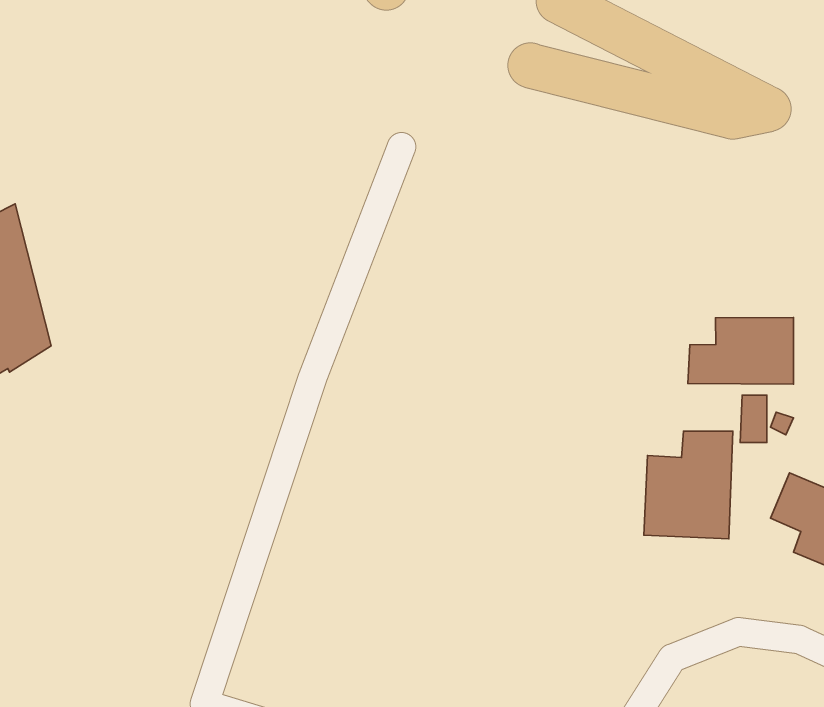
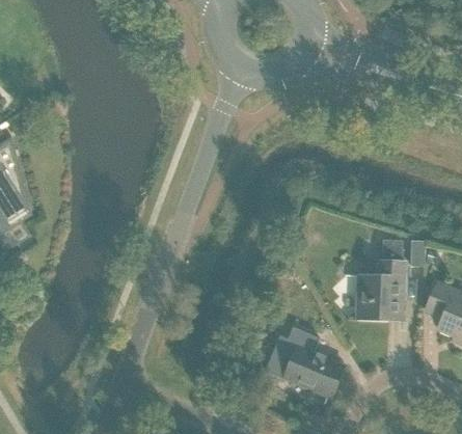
building: [688,318,794,384] -> none
building: none -> [281,326,339,397]

